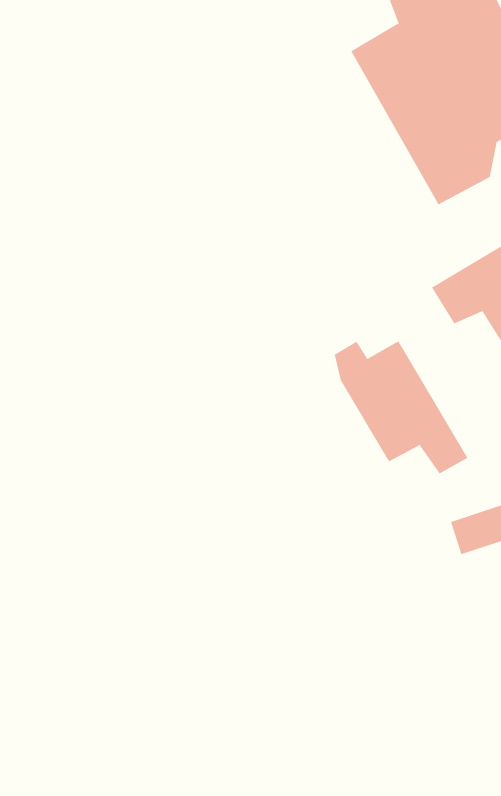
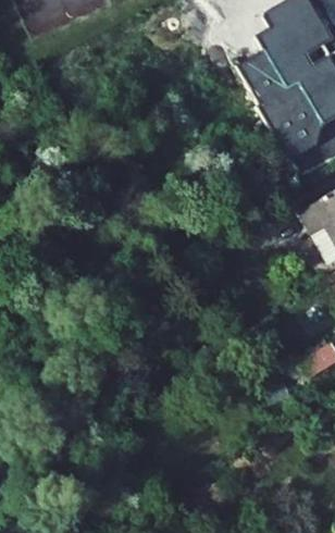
building: [334,341,468,474] -> none

